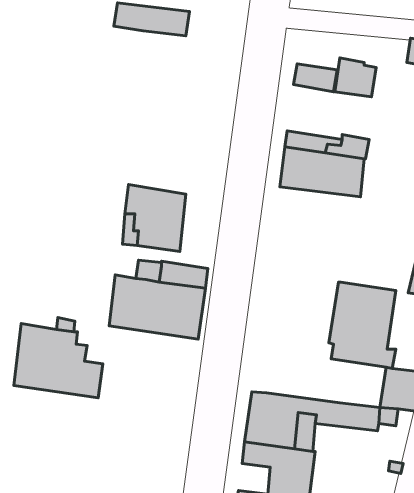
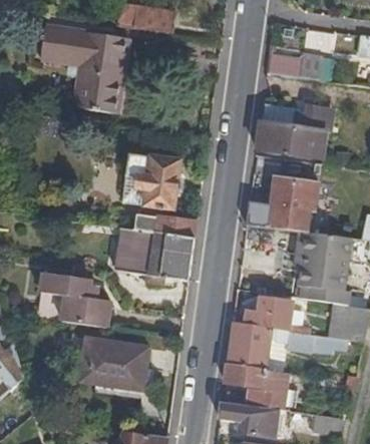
building: none -> [43,25,129,110]
building: none -> [245,173,313,233]
building: none -> [244,298,305,332]
building: none -> [77,340,145,390]

